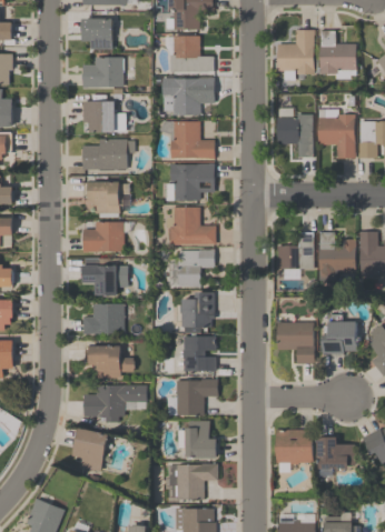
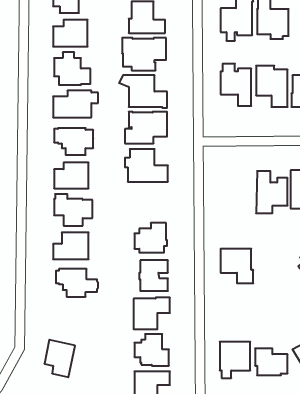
building: [276,233,313,269] -> none
building: [177,249,215,287] -> none
building: [323,314,357,353] -> none
building: [83,384,146,421] -> none

